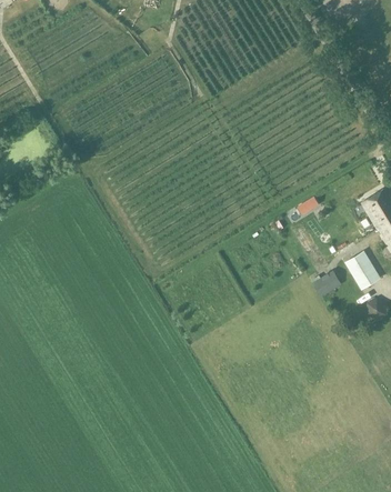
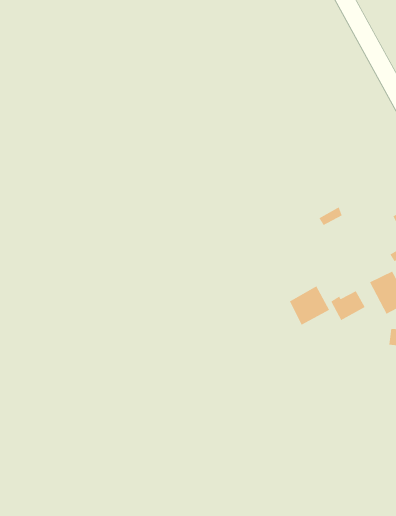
building: none -> [289,286,330,326]

